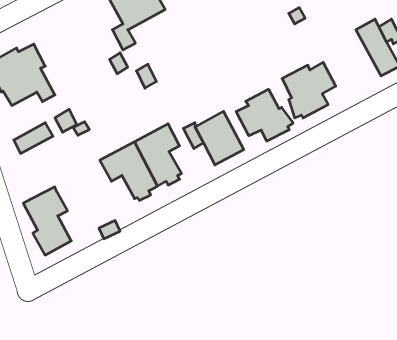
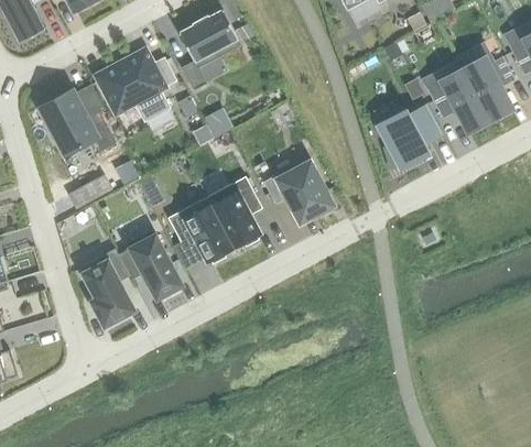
building: none -> [97,51,176,121]
building: none -> [425,68,489,131]
building: [236,89,293,141] -> none
building: none -> [118,229,182,299]

